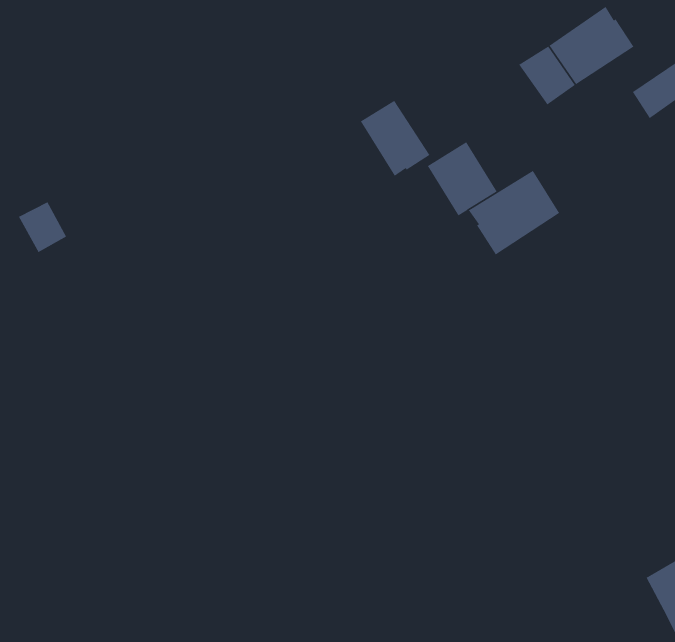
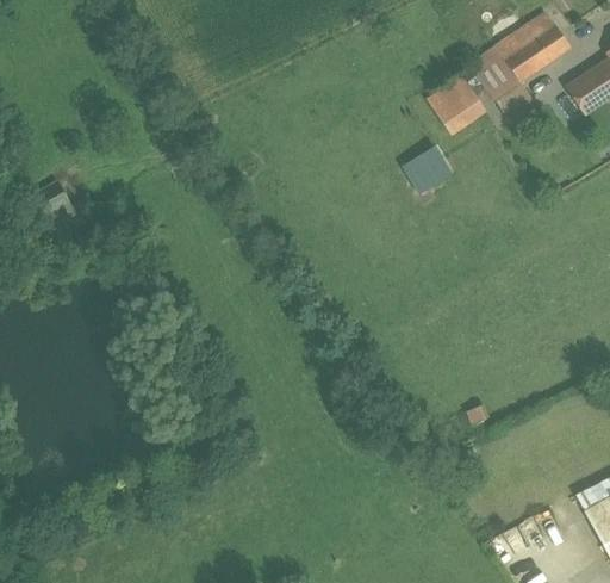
building: none -> [429,75,484,132]
building: [360,100,430,177] -> none
building: [468,170,560,256] -> none

